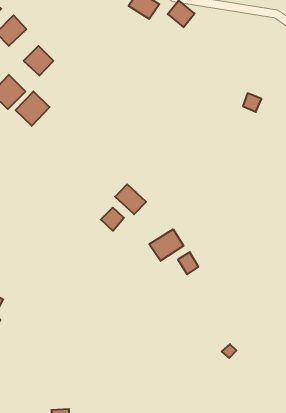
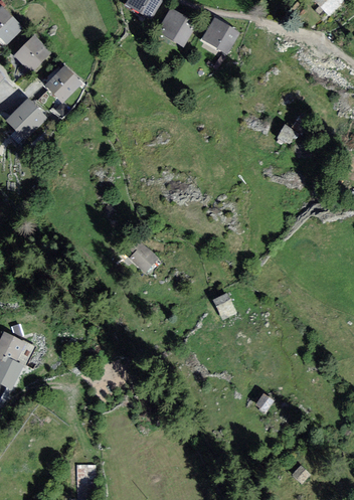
building: [16,91,50,126] -> none
building: [115,184,146,214] -> none
building: [149,229,183,261] -> none

